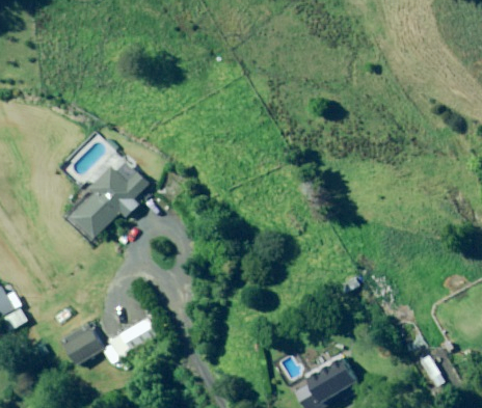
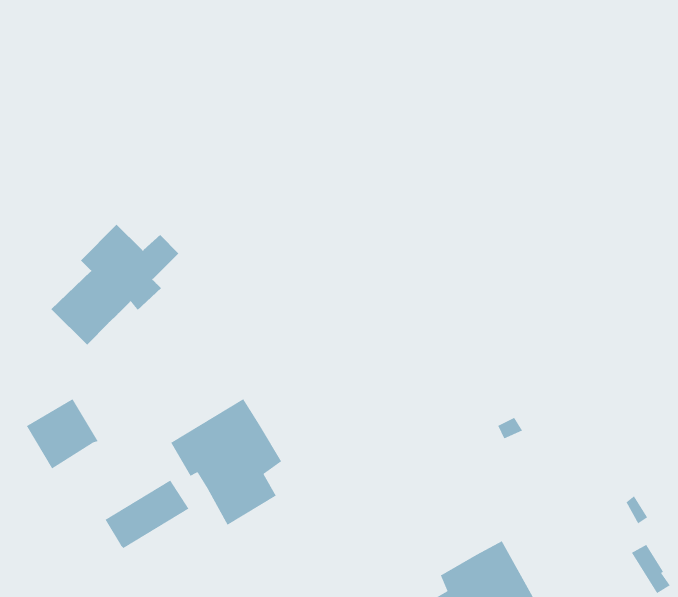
building: none -> [170,398,282,526]
building: [59,323,103,365] -> [26,398,99,469]

